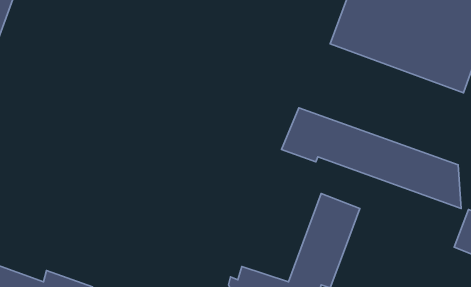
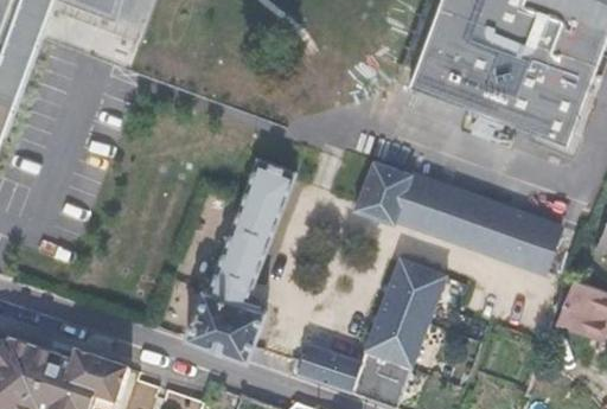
building: none -> [186,155,296,356]

